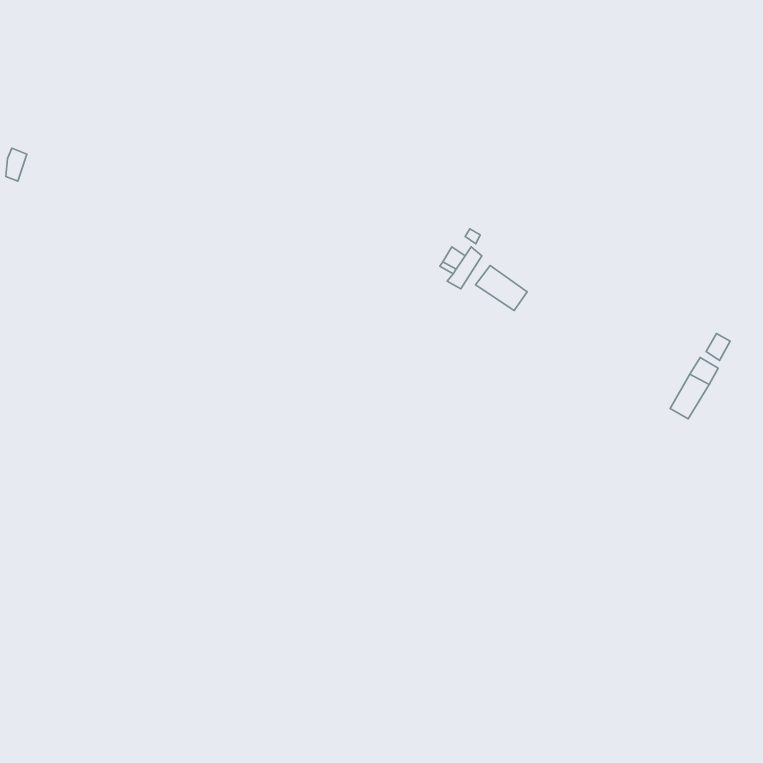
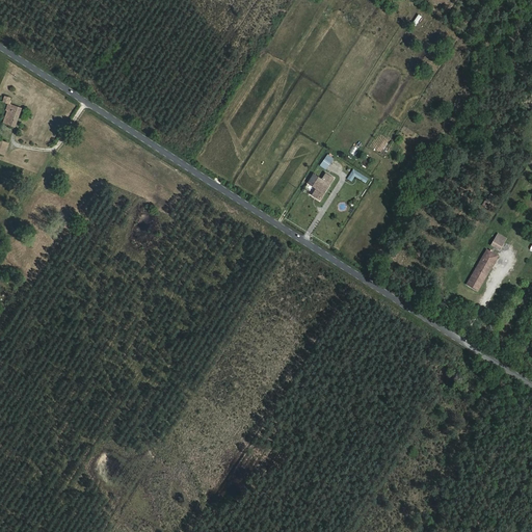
building: [476,265,527,311] -> none

